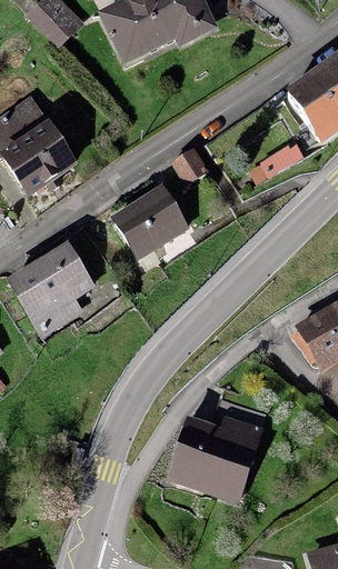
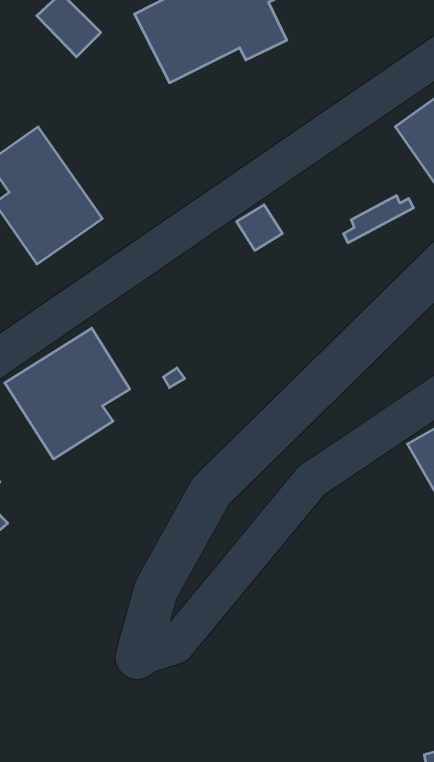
building: [112,184,190,258] -> none
building: [170,400,266,499] -> none

